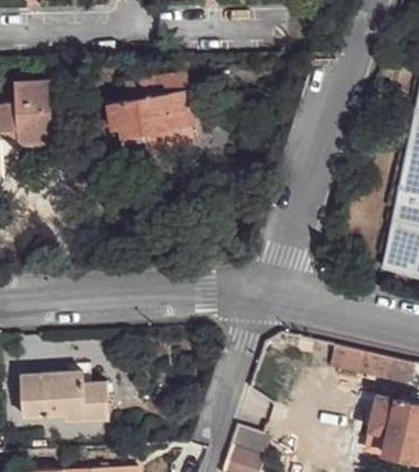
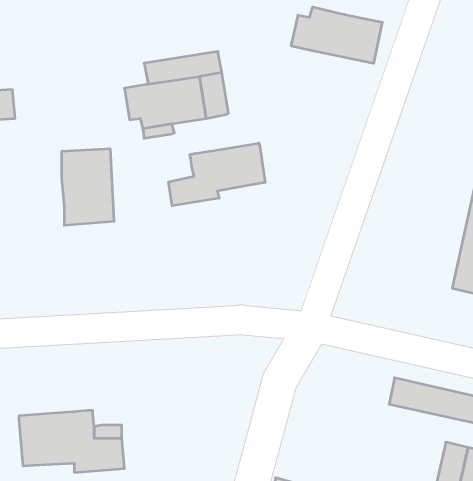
building: none -> [291,7,382,63]
building: [14,81,58,144] -> [62,149,114,225]
building: none -> [169,143,265,206]

